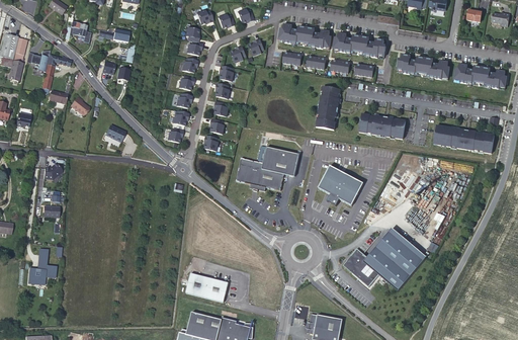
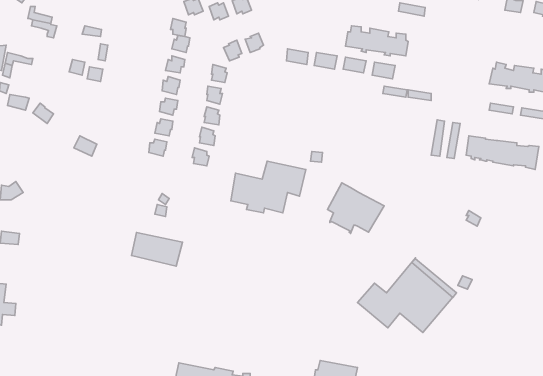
building: [277,23,330,50] -> none
building: [396,54,448,80] -> none
building: [315,86,339,129] -> none
building: [358,113,405,139] -> none
building: [185,275,228,304] -> [132,232,182,266]

